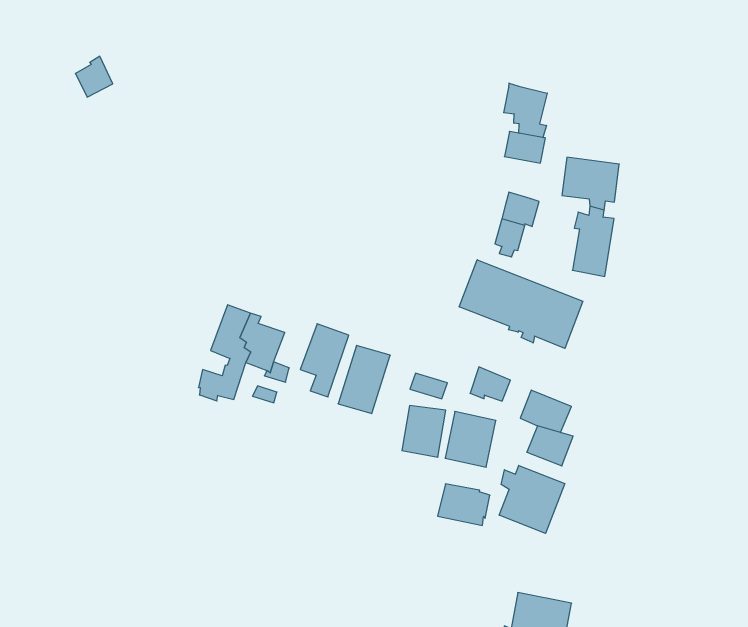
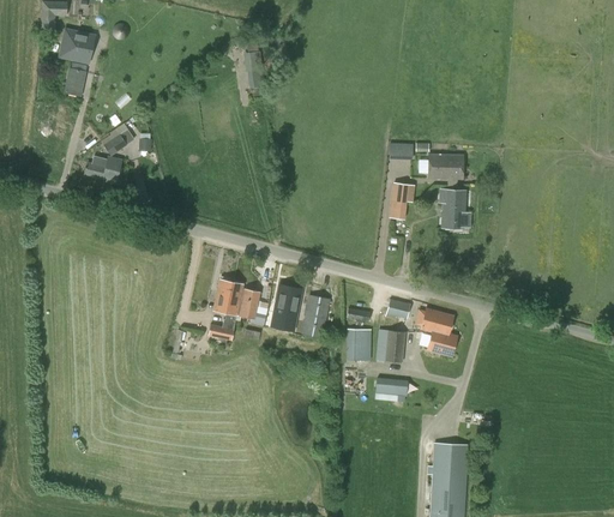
building: [504,83,547,138] -> none
building: none -> [85,155,122,181]
building: [459,260,583,348] -> none
building: [499,465,565,533] -> none

